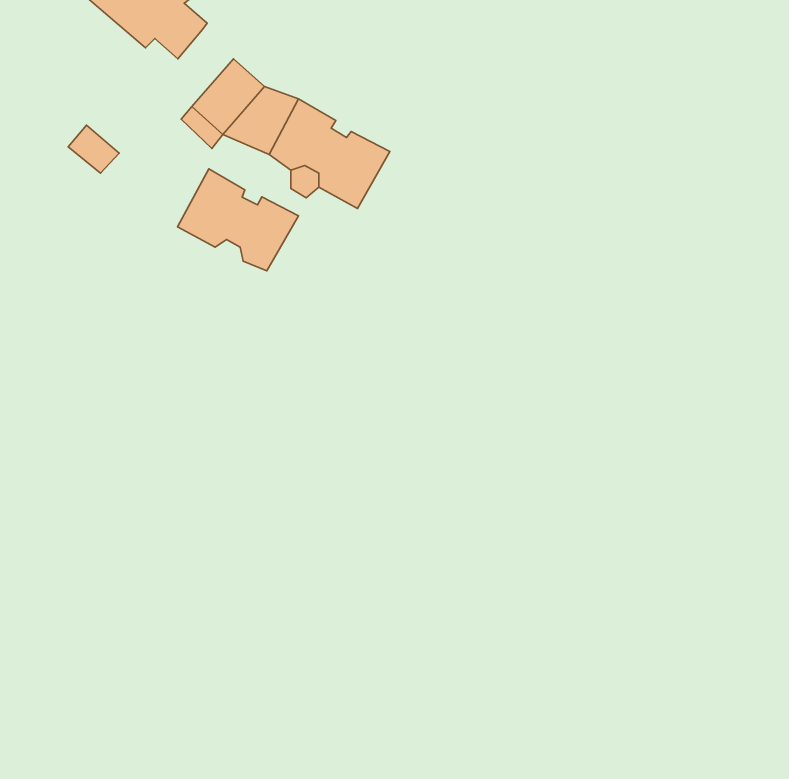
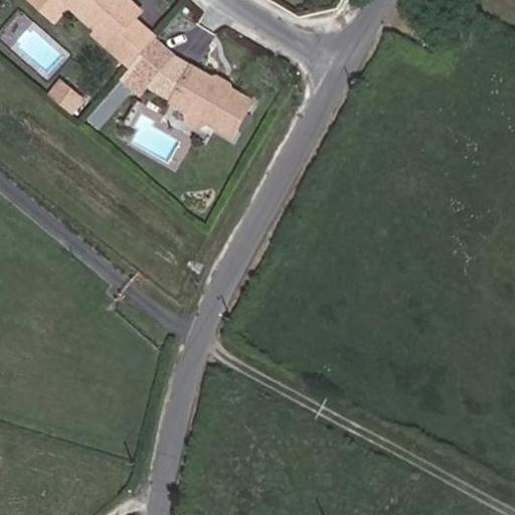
building: none -> [93,19,143,57]
building: [178,169,298,271] -> none

